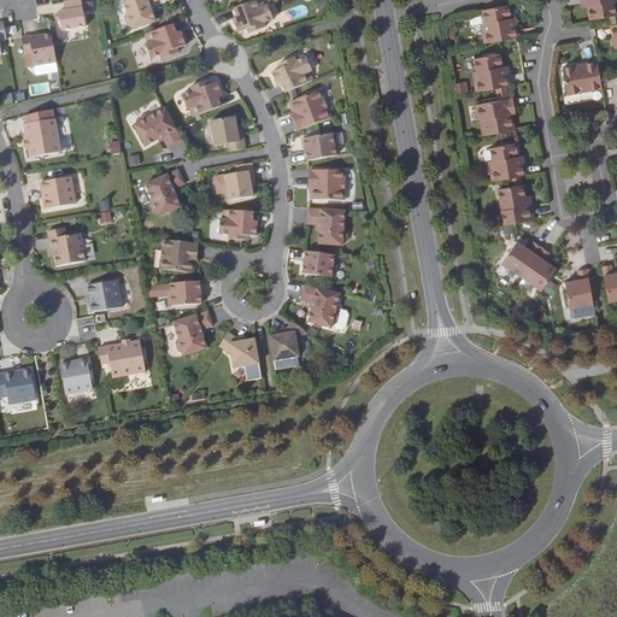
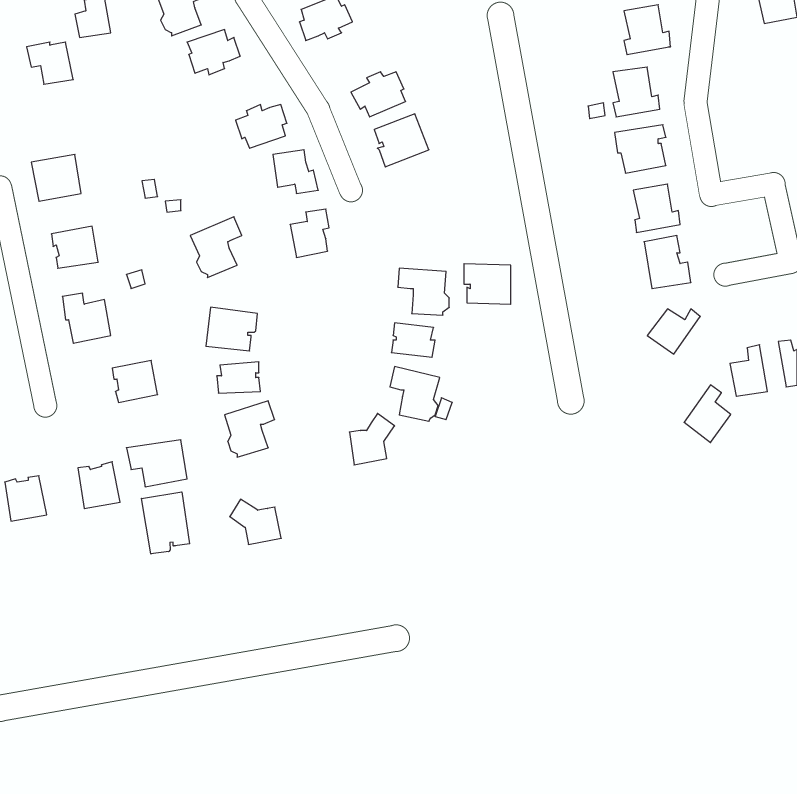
building: [563,59,601,92] -> none
building: [134,106,182,146] -> none
building: [304,131,337,159] -> none
building: [308,168,345,199] -> [464,264,511,304]
building: [218,208,257,239] -> none
building: [521,245,557,289] -> [684,385,731,443]
building: [219,331,259,366] -> [230,499,281,544]
building: none -> [141,492,190,554]

